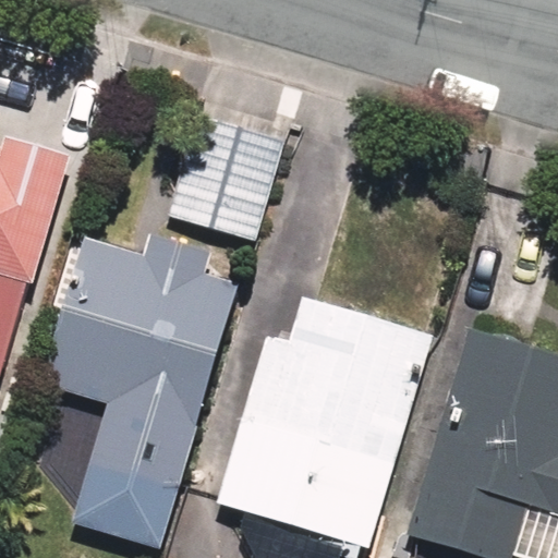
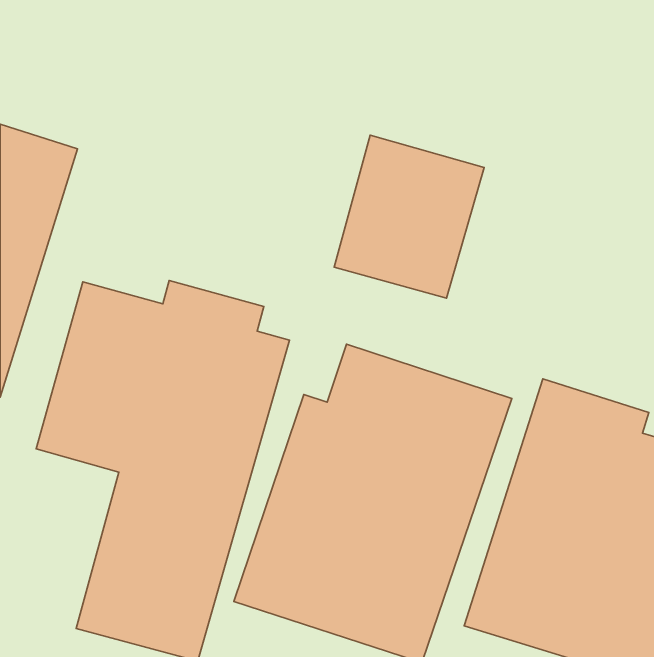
building: [161,106,288,243] -> [334,135,484,298]

